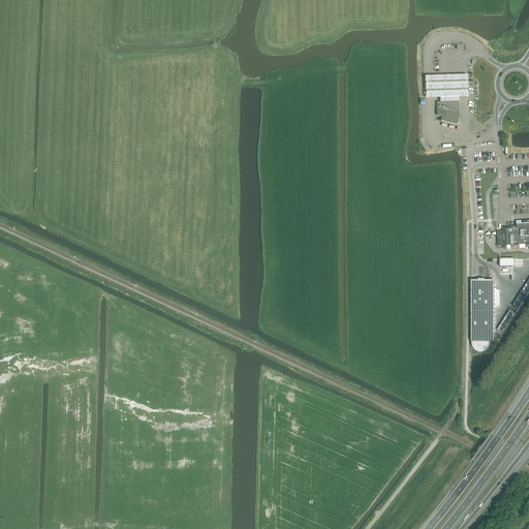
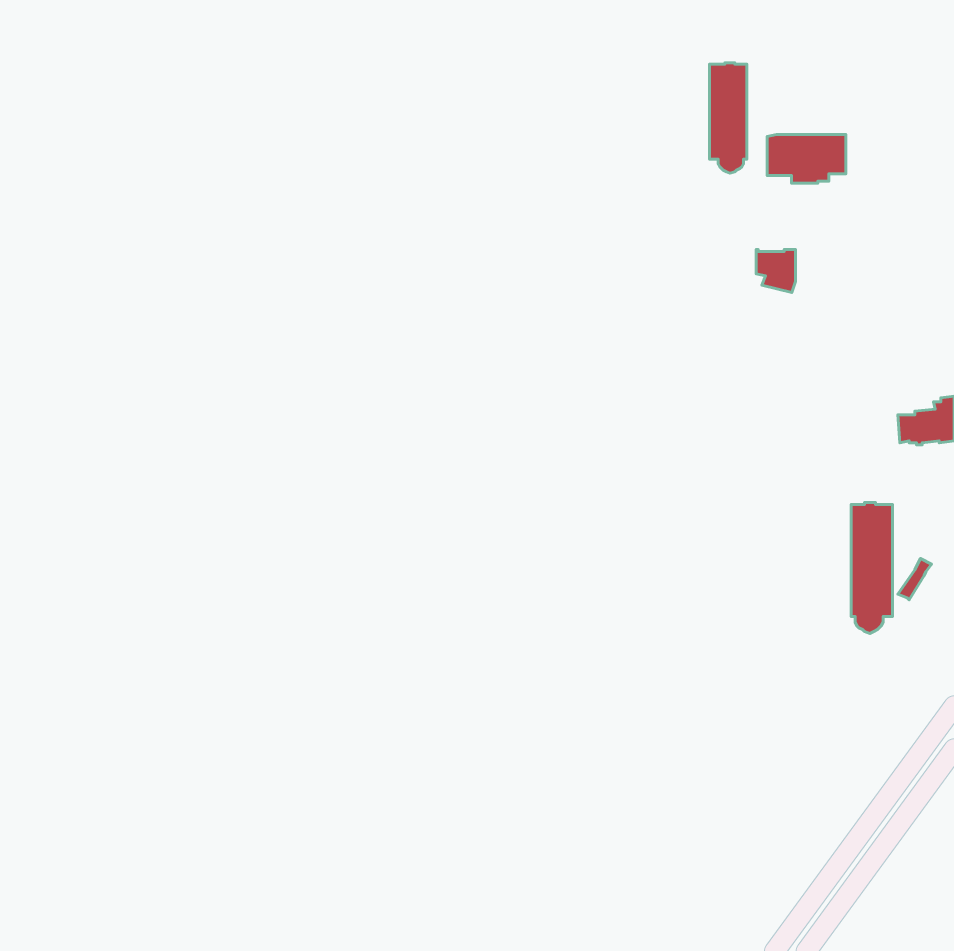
building: none -> [710,63,747,173]
building: [437,100,459,124] -> [756,250,795,293]

